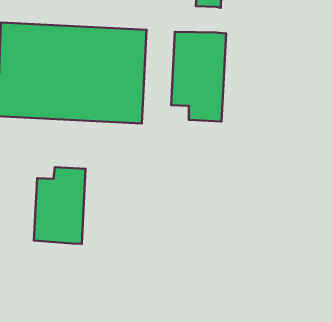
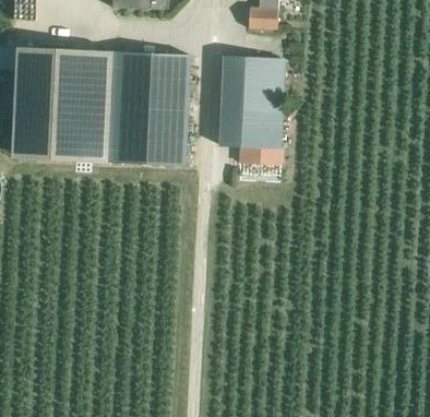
building: [34,167,86,244] -> none

